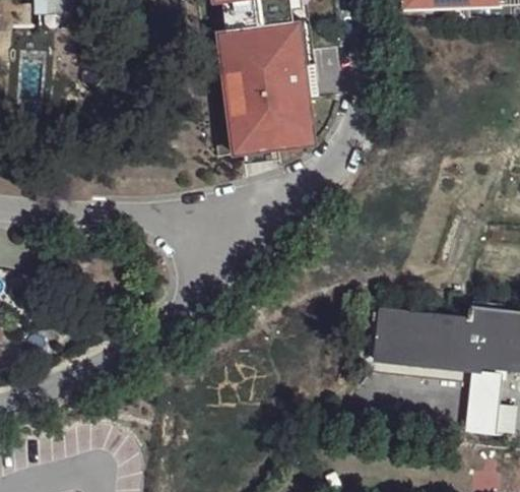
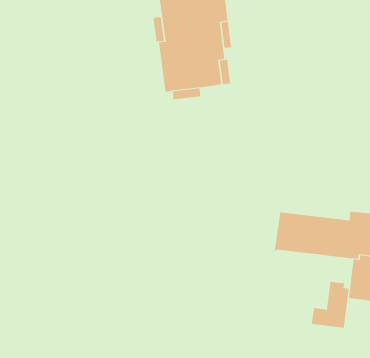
building: none -> [311,281,349,328]

